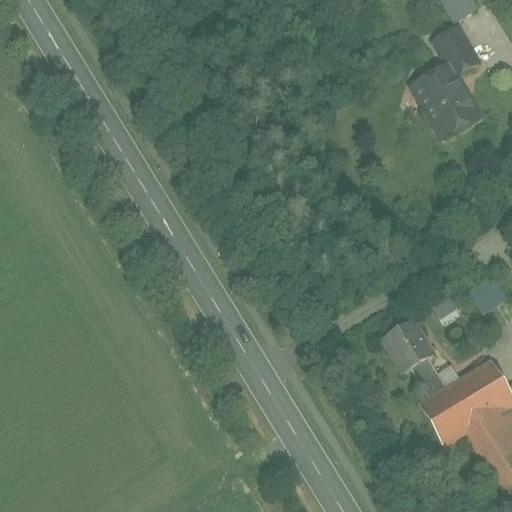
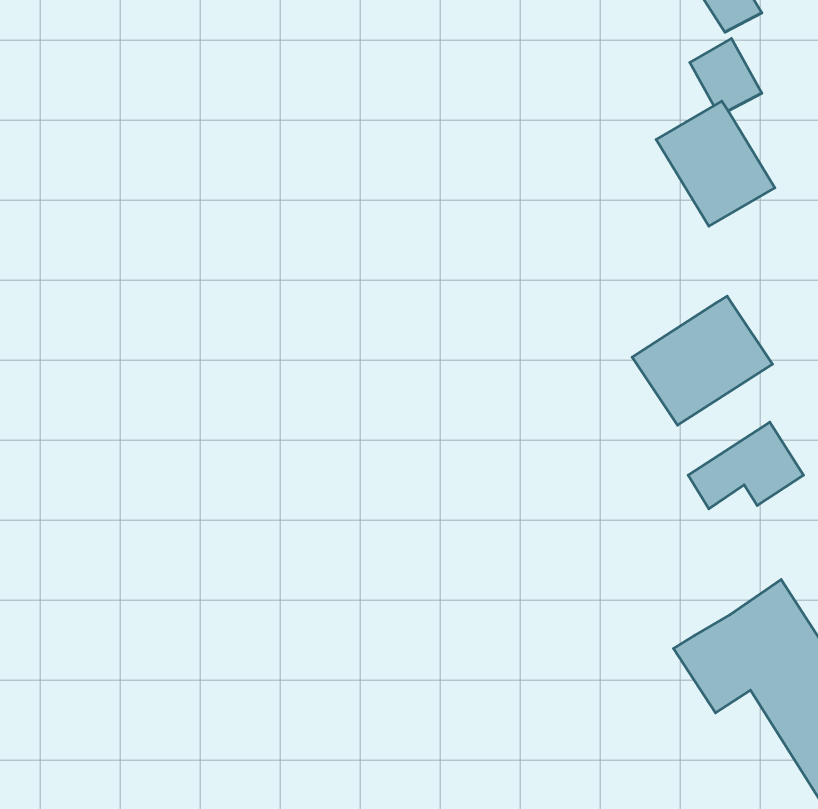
building: none -> [632,296,773,425]
building: [383,319,456,396] -> none

